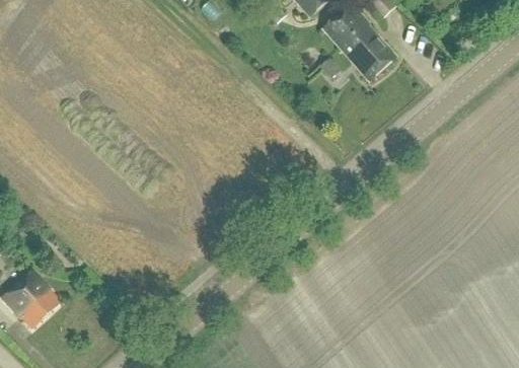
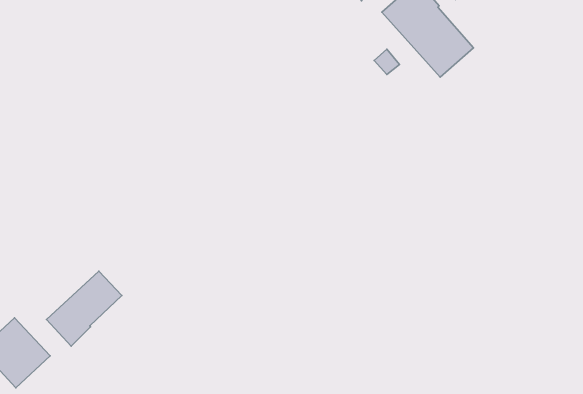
building: none -> [46,271,122,346]

